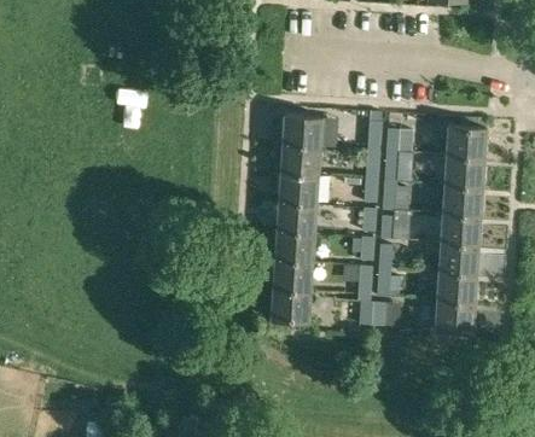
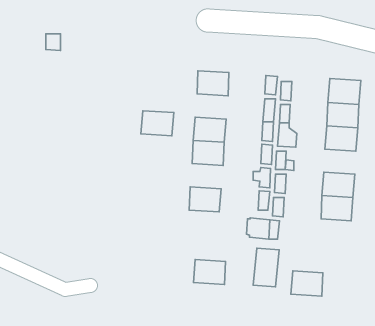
building: [280,144,321,175] -> [141,111,174,136]
building: [441,212,481,244] -> none
building: [274,231,315,262] -> none
building: [271,289,310,320] -> [193,259,225,285]
building: [435,299,475,331] -> [291,271,323,296]
building: none -> [253,248,279,287]

